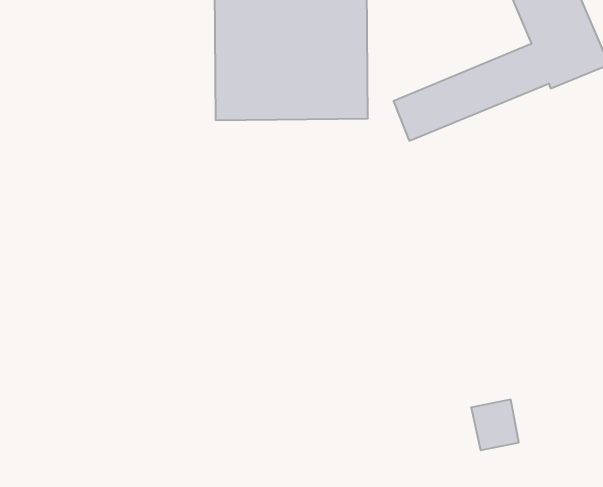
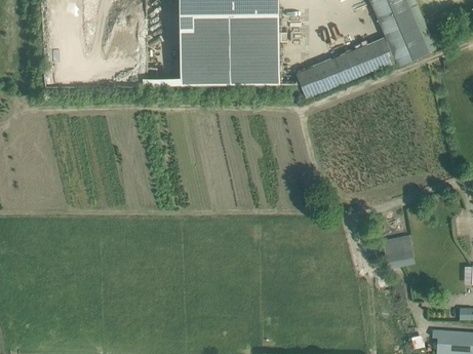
building: [471,400,519,450] -> [382,235,412,268]

